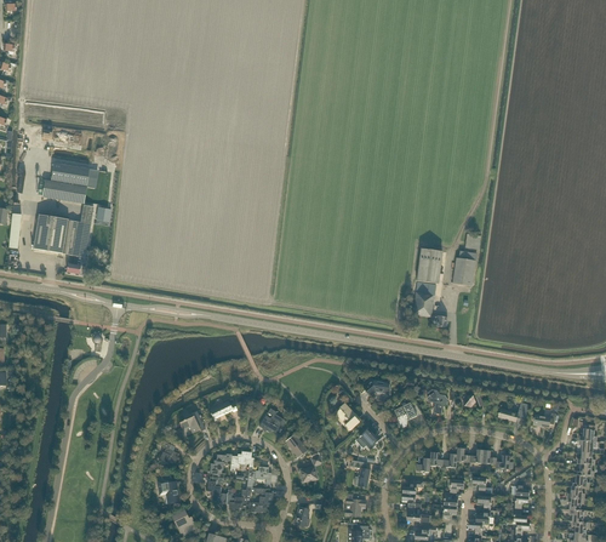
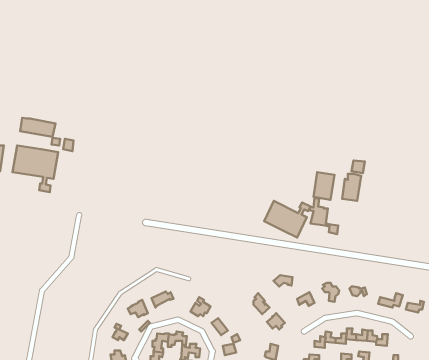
building: [51,162,90,187] -> none
building: none -> [264,201,311,237]

